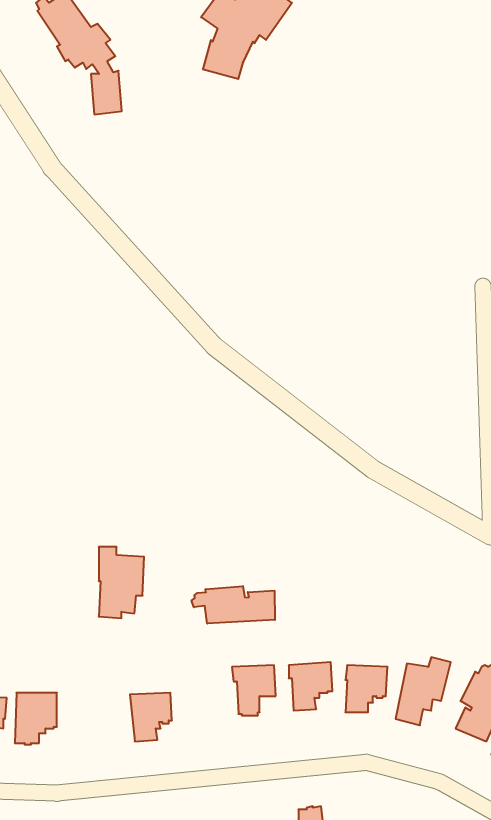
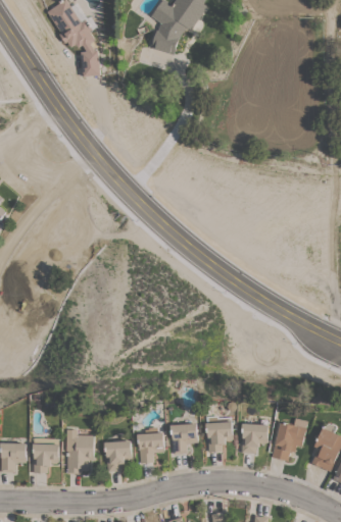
building: [99,547,144,618] -> [66,429,95,474]
building: [192,586,275,624] -> none
building: none -> [137,432,164,463]

